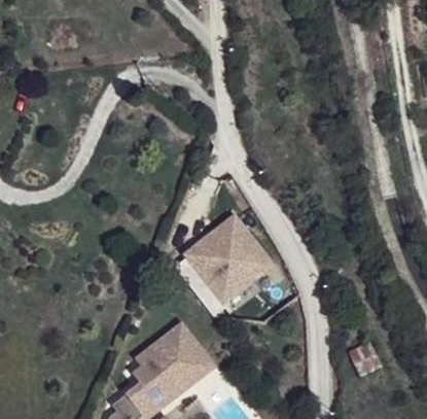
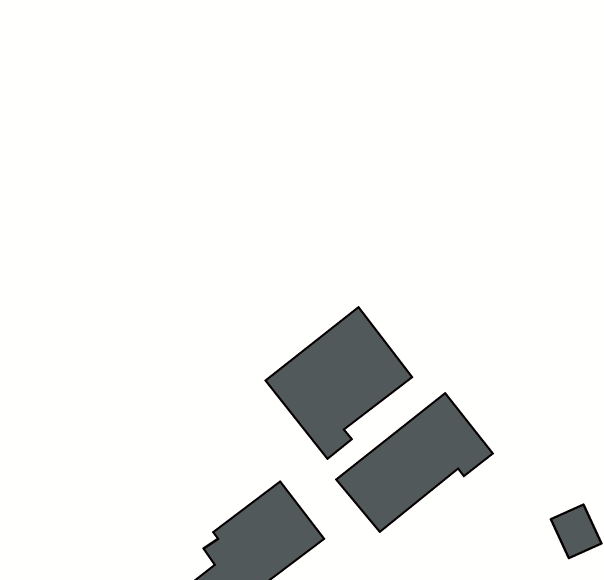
building: none -> [336,393,493,532]

